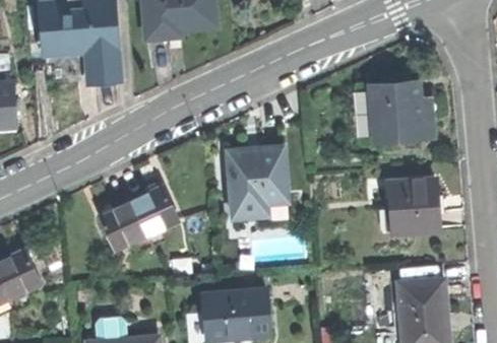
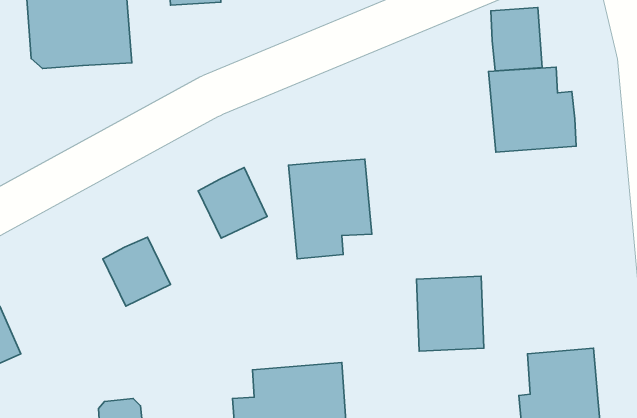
building: none -> [491,8,542,71]
building: [390,179,438,231] -> [416,276,484,351]
building: [129,185,178,234] -> [198,168,267,238]

